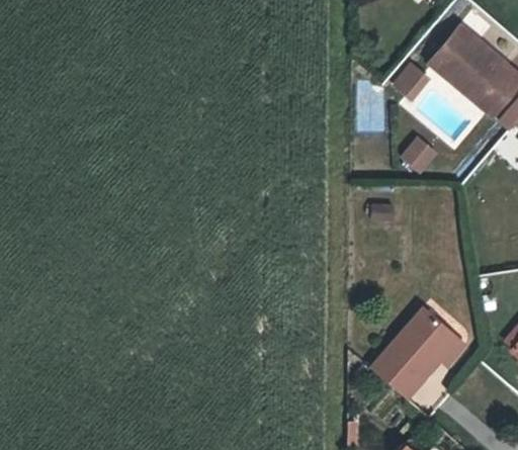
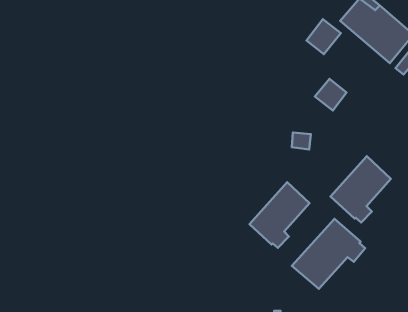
building: none -> [331,156,391,223]
building: none -> [250,182,309,248]

